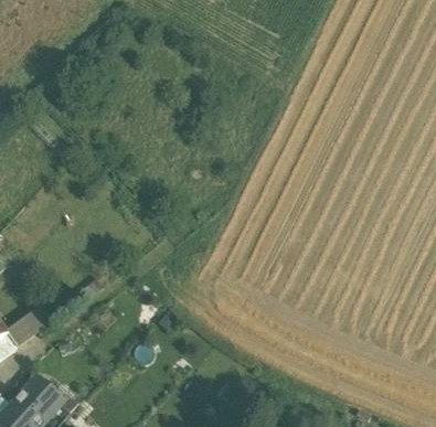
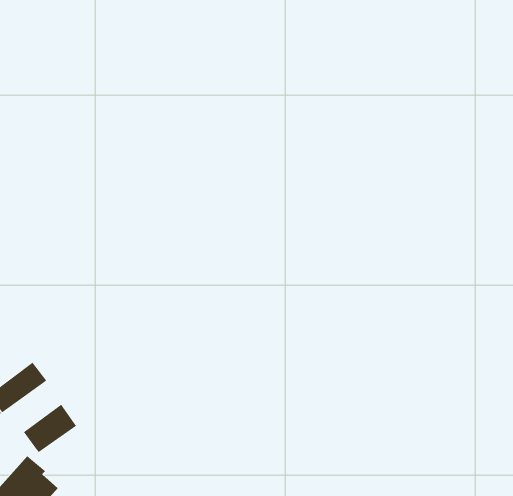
building: none -> [23,404,77,453]

